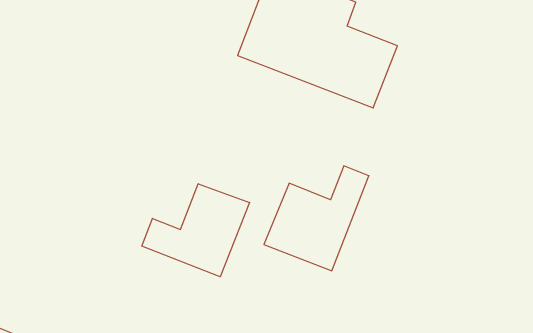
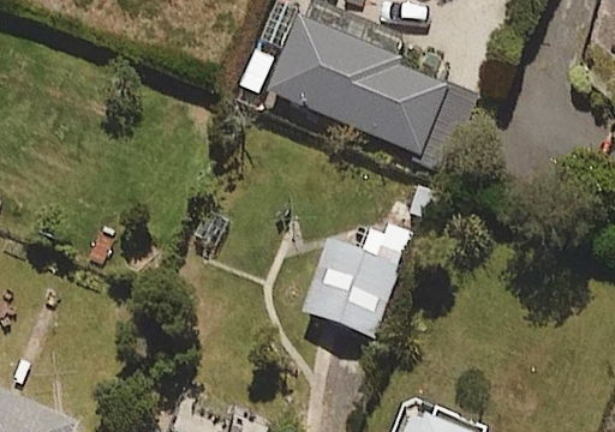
building: [142,184,250,277] -> none

